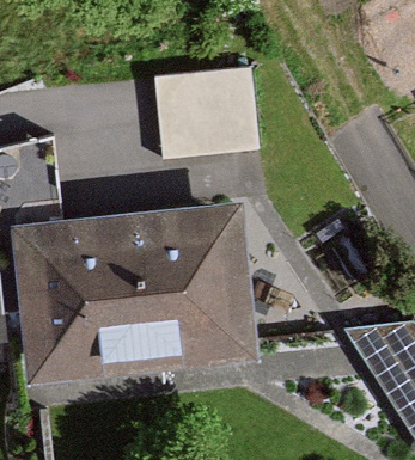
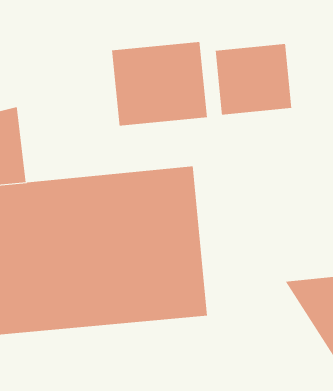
building: none -> [215,43,292,115]

